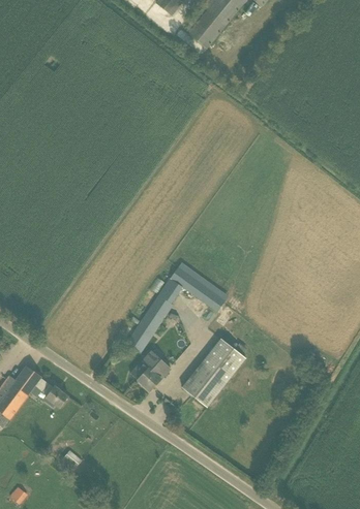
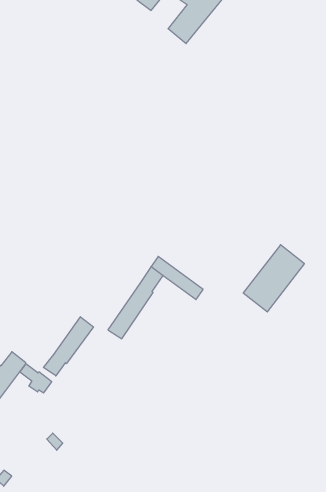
building: none -> [44,317,93,376]
building: [183,336,246,405] -> [243,245,304,312]
building: [131,349,172,389] -> none

